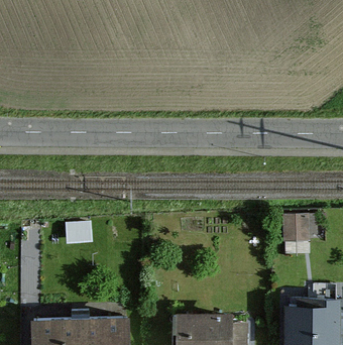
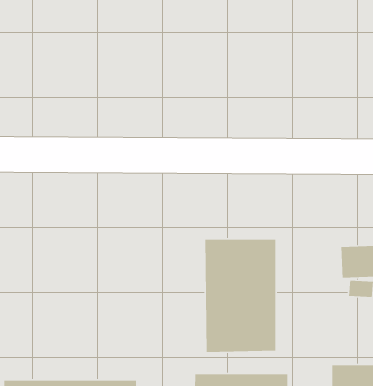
building: none -> [205,239,276,353]

